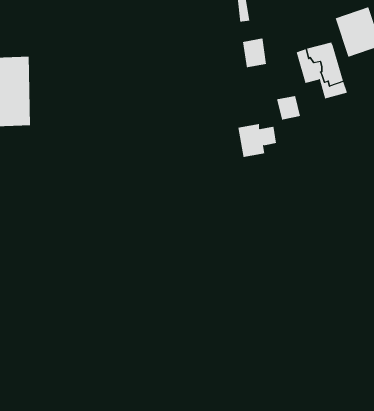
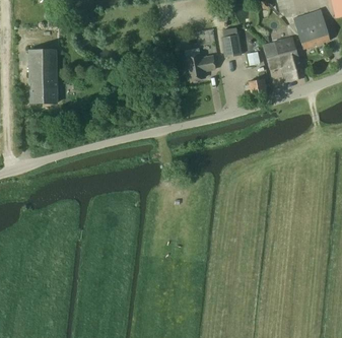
building: [238,123,277,157] -> [184,53,214,79]

